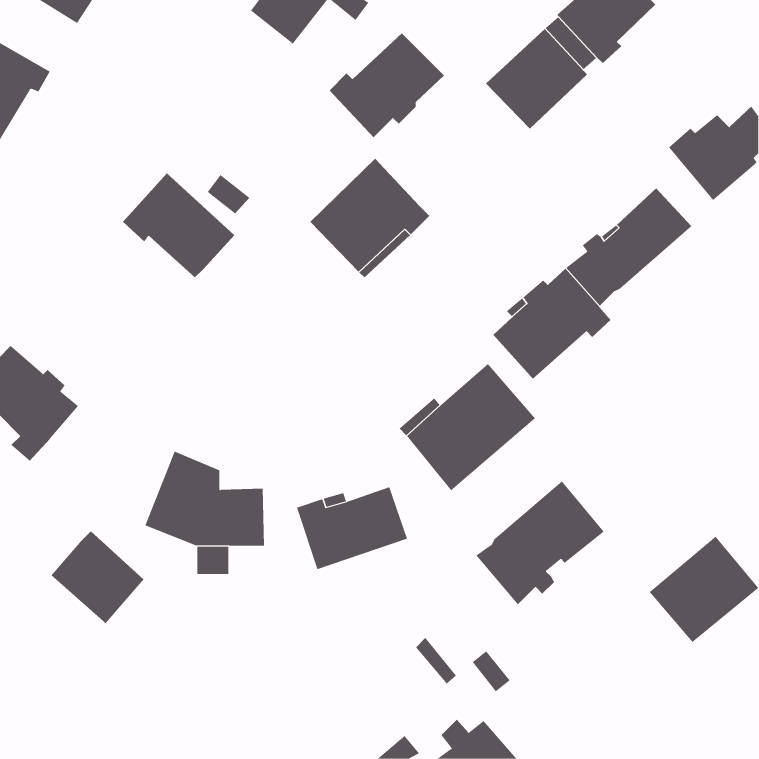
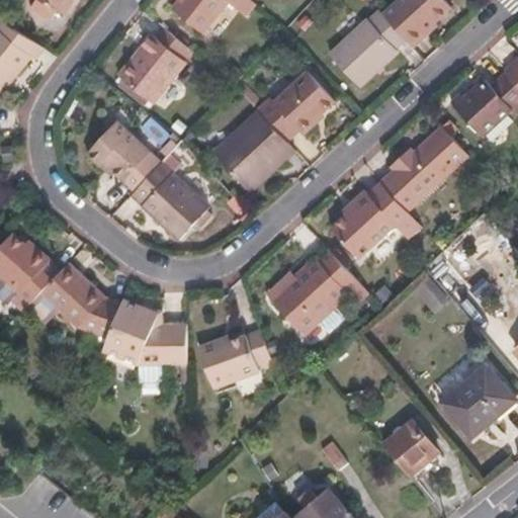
building: [329,32,445,138] -> [255,68,334,140]
building: none -> [121,36,183,103]
building: none -> [139,160,209,238]
building: [475,480,604,605] -> none
building: [51,530,144,624] -> [34,268,98,332]
building: none -> [382,420,439,477]

